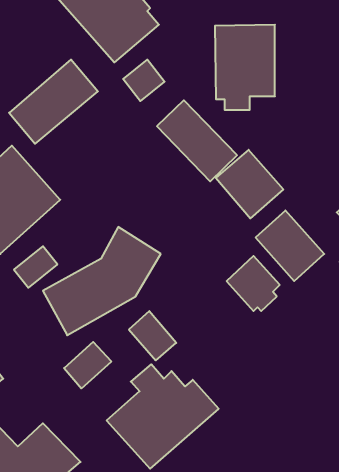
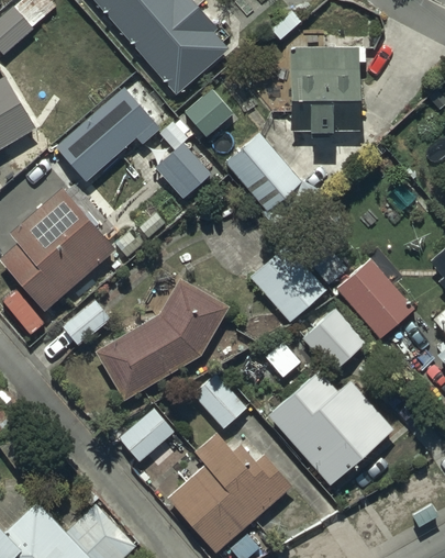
building: none -> [157,122,209,199]
building: [216,150,283,218] -> [249,244,326,322]
building: none -> [268,370,393,487]

